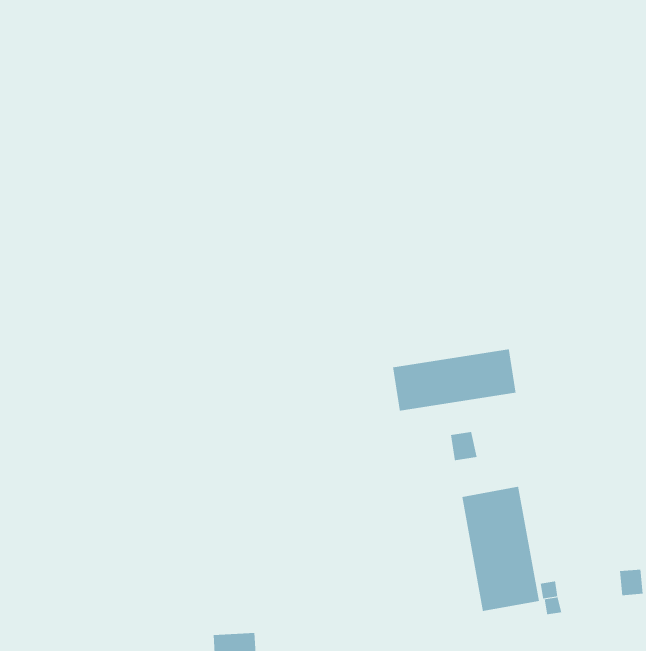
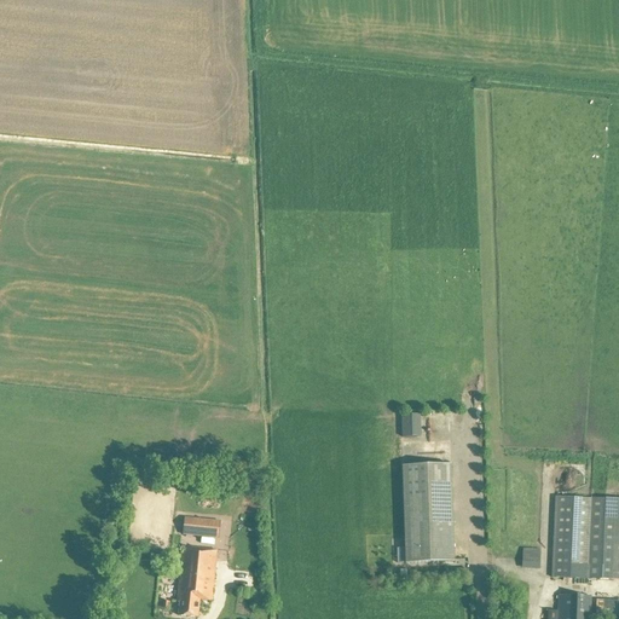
building: [393,348,516,411] -> none
building: none -> [184,516,219,538]

